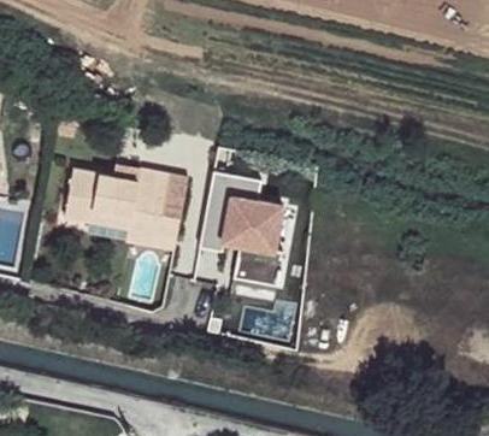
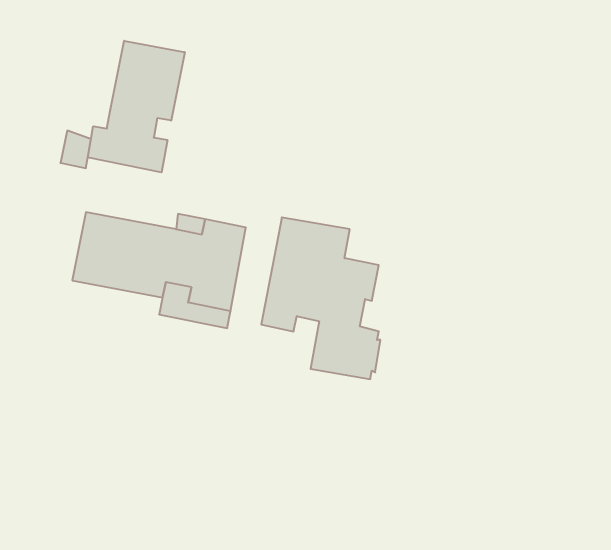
building: none -> [88,41,185,172]

